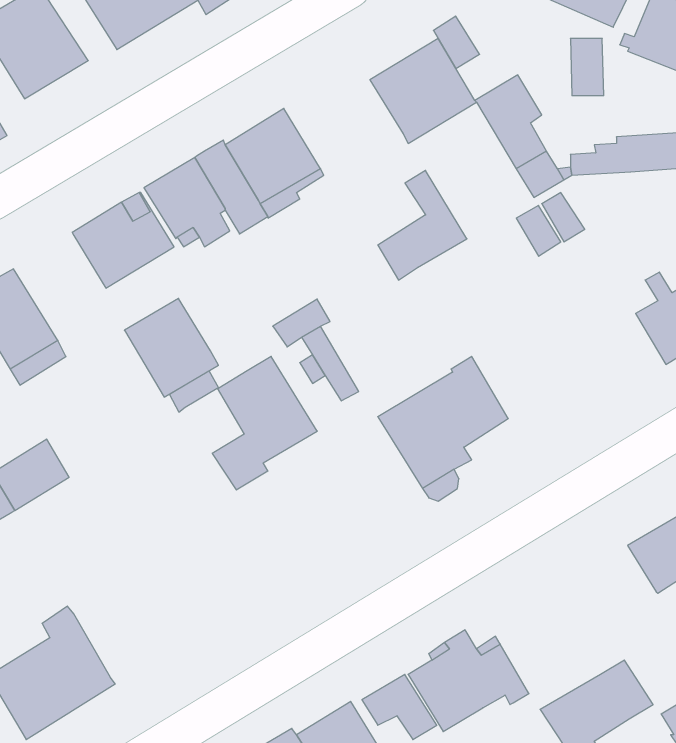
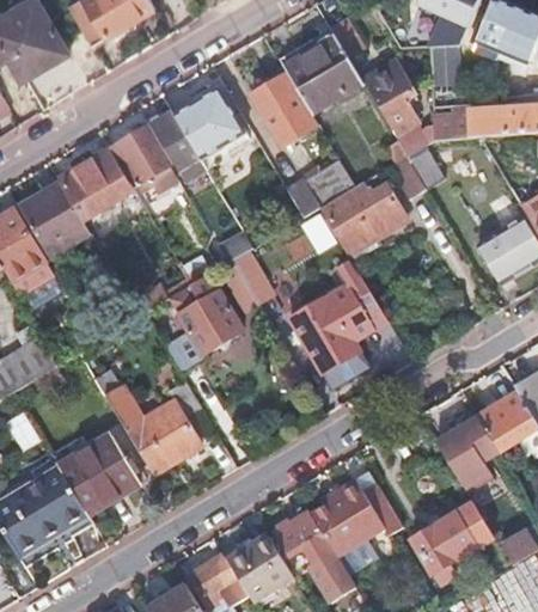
building: none -> [251,74,318,146]
building: none -> [318,182,405,250]
building: [124,298,218,397] -> [19,183,90,257]
building: none -> [104,382,201,475]
building: none -> [435,416,499,491]
building: none -> [60,437,139,515]

